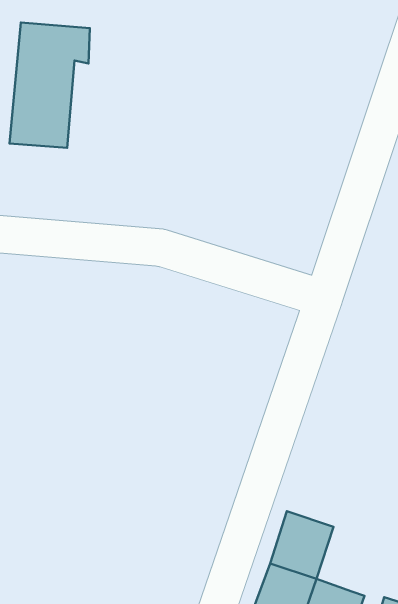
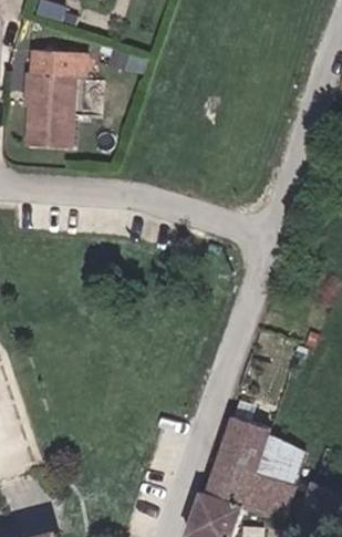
building: none -> [259,428,296,479]

